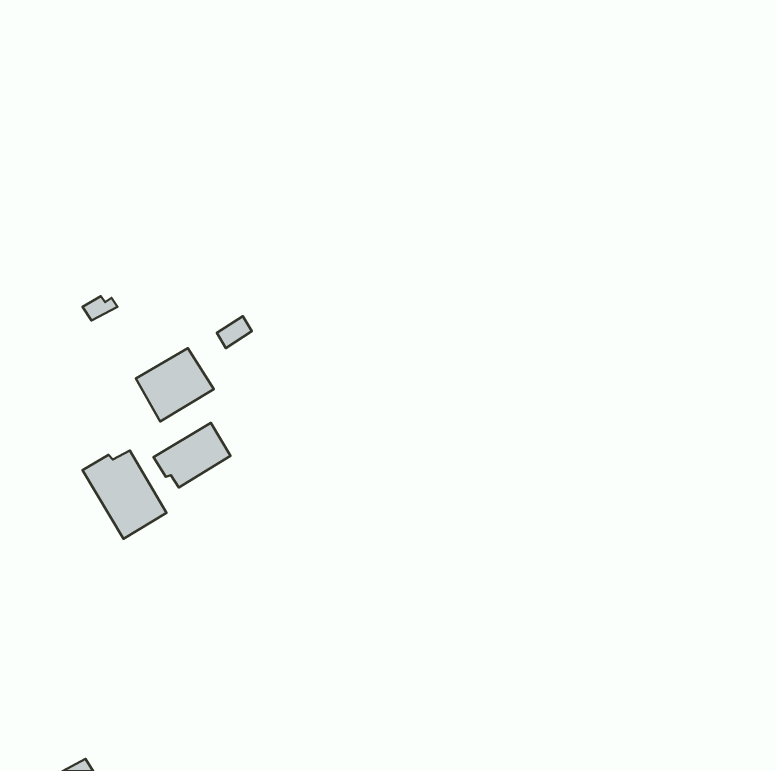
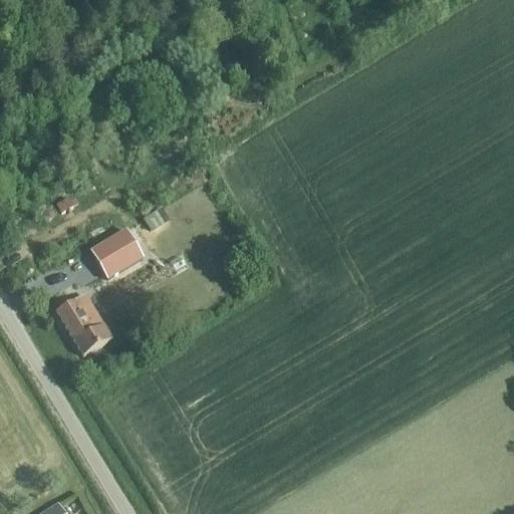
building: [154,423,230,488] -> none

